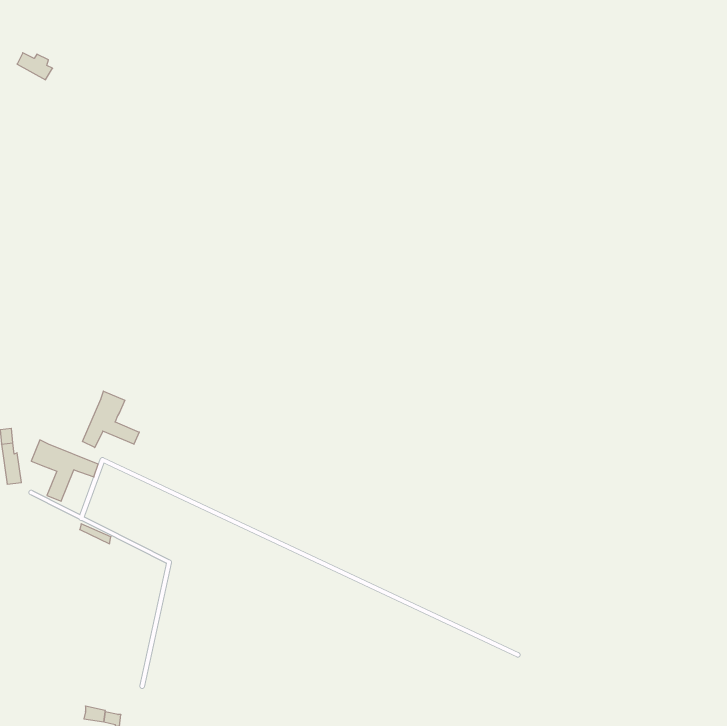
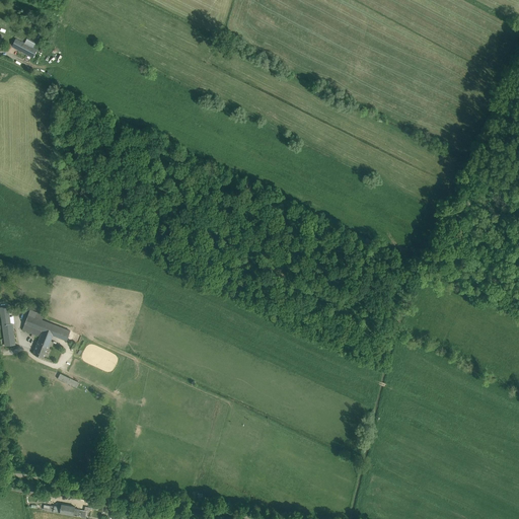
building: [83,391,139,448] -> none

